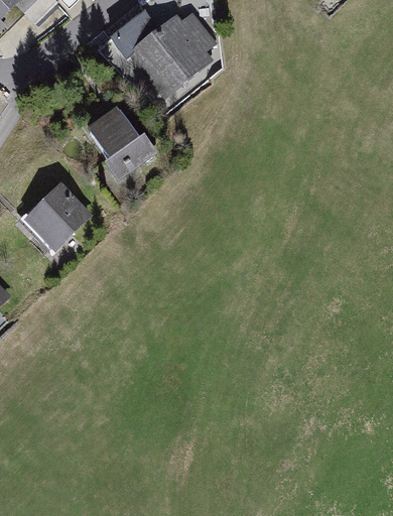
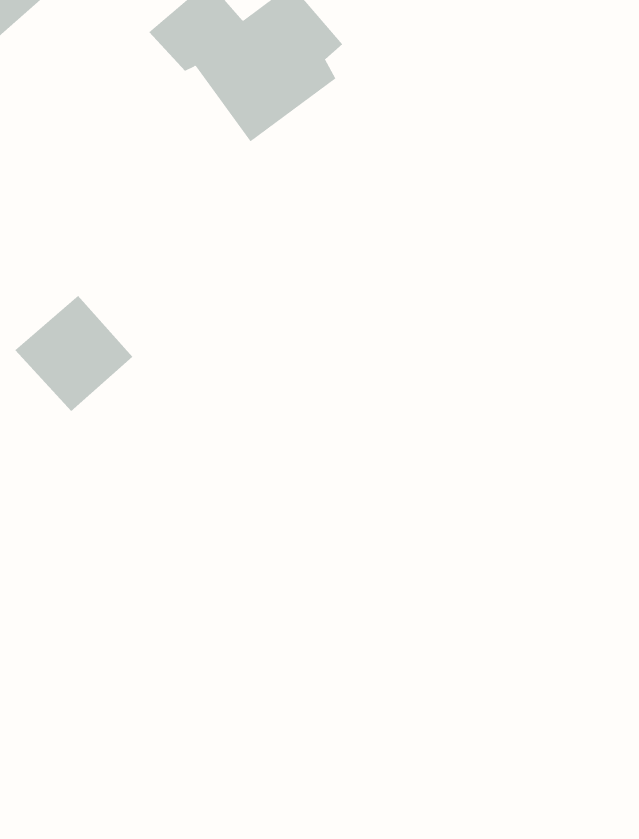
building: [86,102,163,184] -> none

